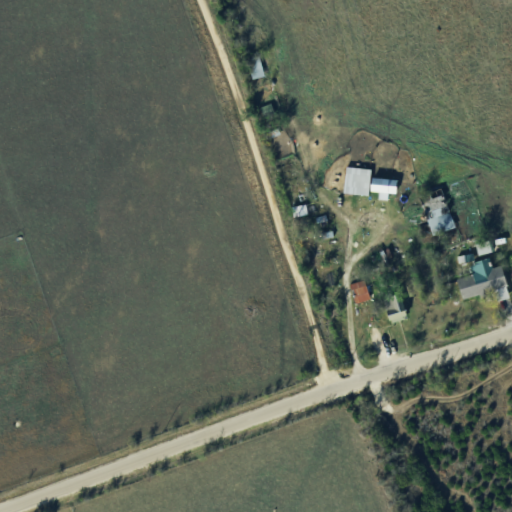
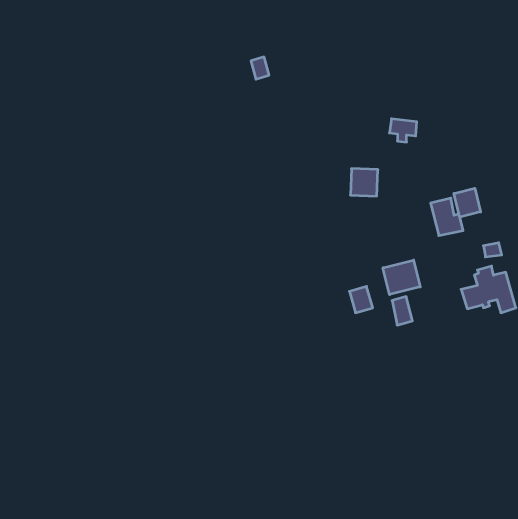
building: [373,175,400,198] -> [389,119,417,142]
building: none -> [454,188,481,217]
building: none -> [383,260,420,295]

